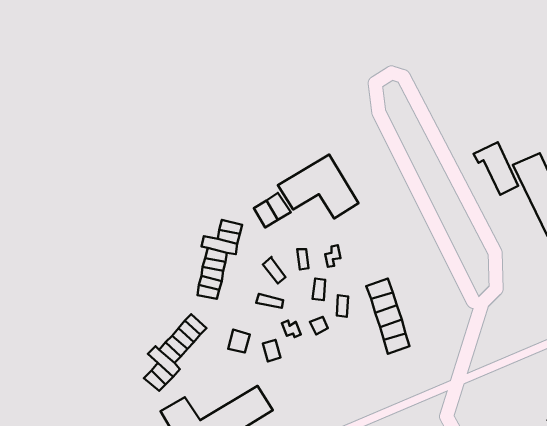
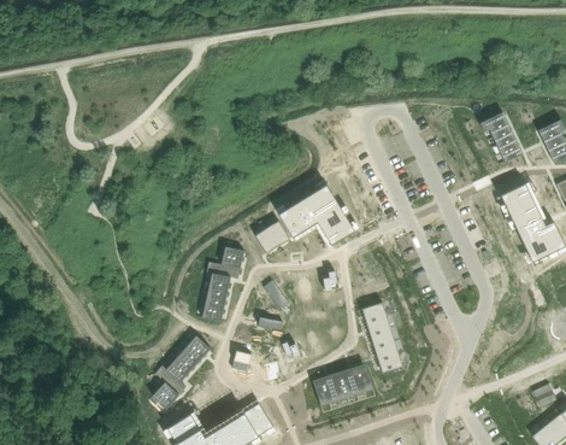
building: [473,142,518,195] -> [479,112,521,162]
building: none -> [314,368,373,405]

